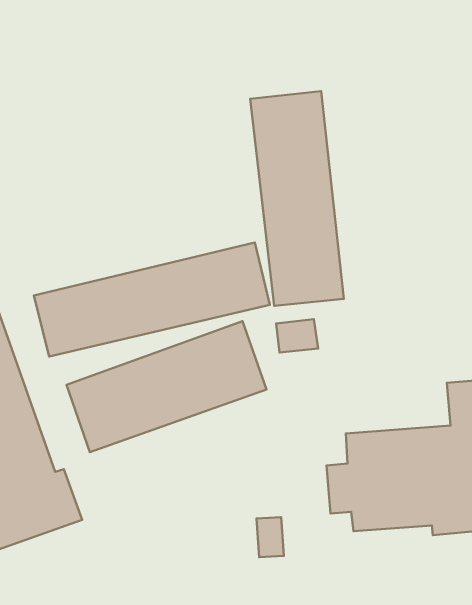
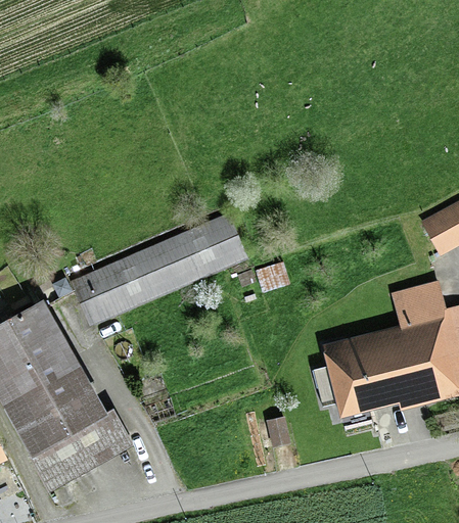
building: [250,91,344,306] -> none
building: [66,321,267,452] -> none

